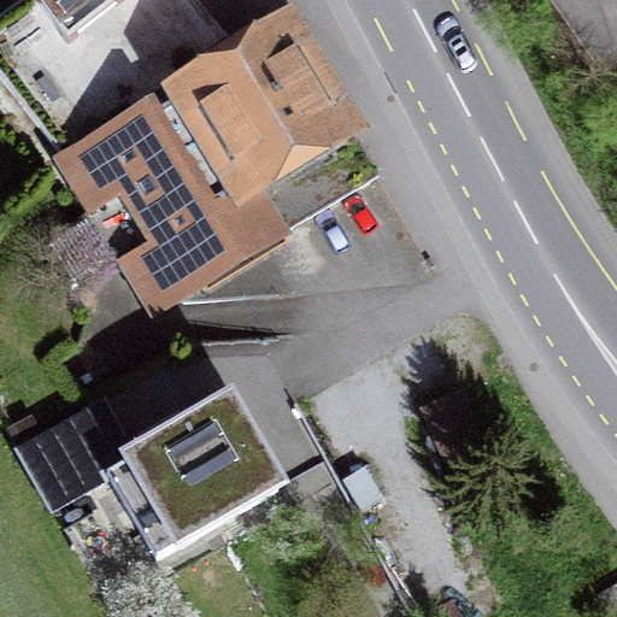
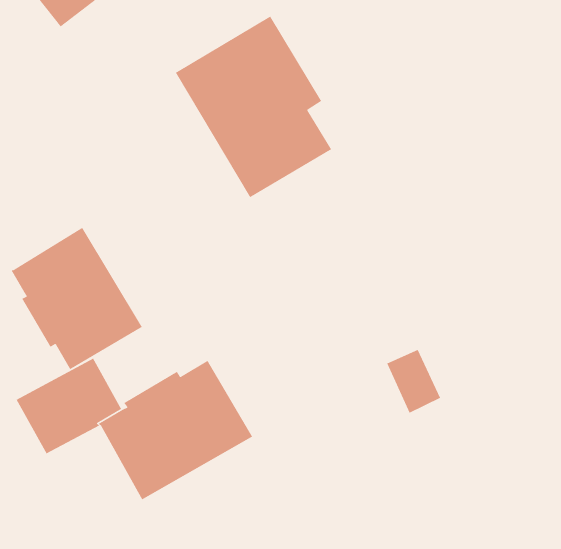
building: [69,80,275,290] -> none
building: none -> [10,227,143,370]

